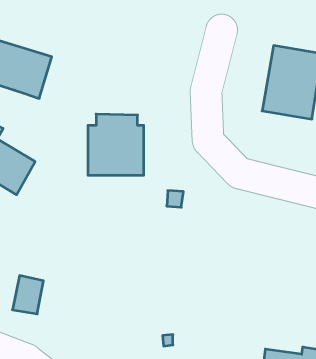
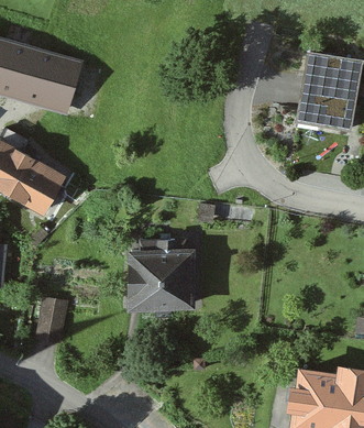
building: [88,114,144,175] -> [134,245,194,310]

